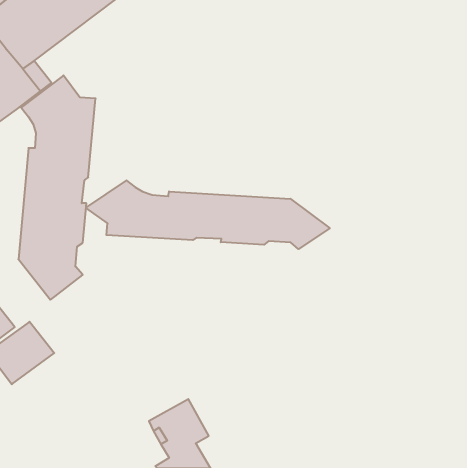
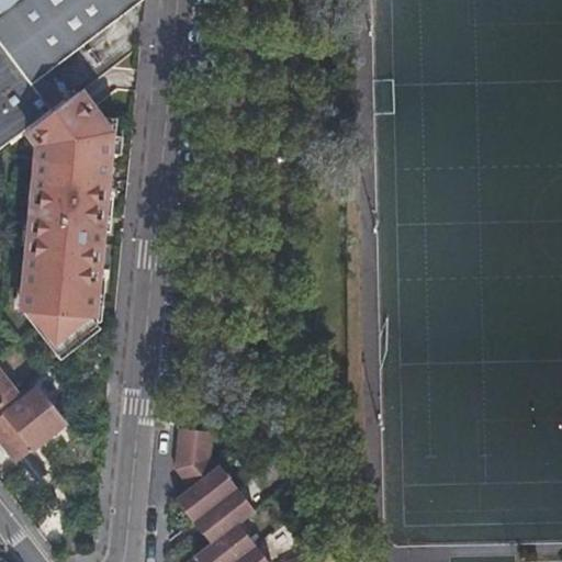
building: [86,180,330,249] -> none
building: none -> [175,427,225,503]

